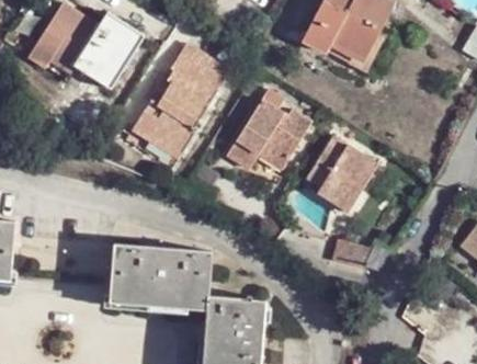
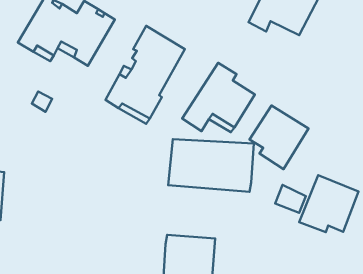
building: none -> [299,175,358,232]
building: [109,242,211,305] -> [168,139,254,192]

